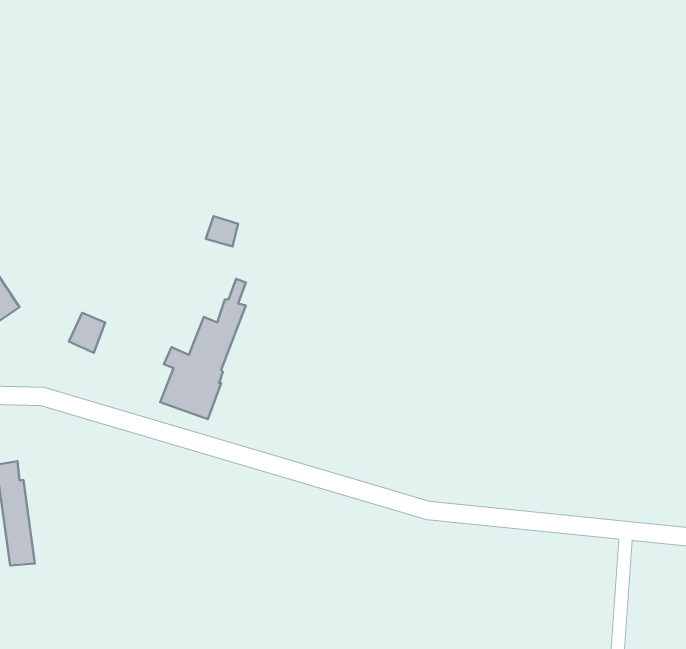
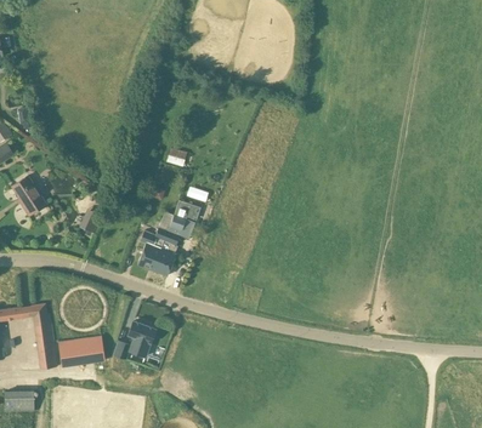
building: none -> [113,321,155,359]
building: none -> [58,338,101,367]

